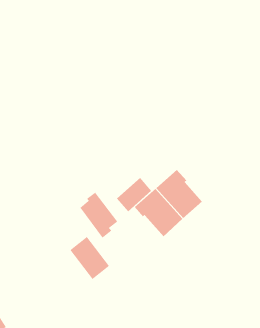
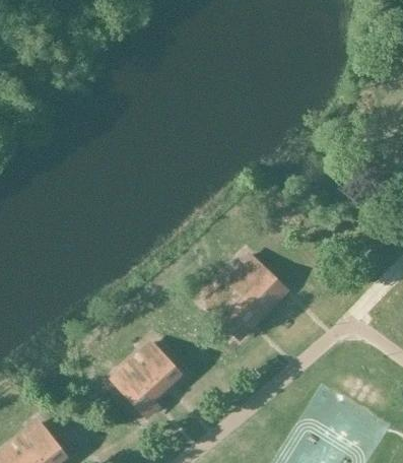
building: [116,177,152,212] -> none
building: [79,192,118,238] -> [117,358,163,412]

